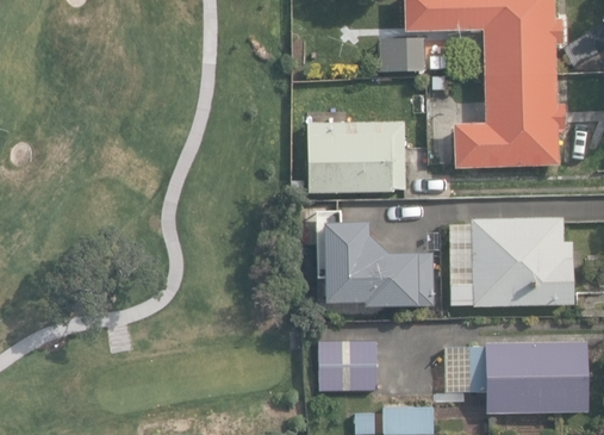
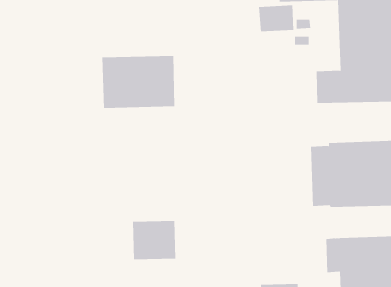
building: [307,120,405,191] -> [101,56,175,108]
building: [315,211,435,307] -> none
building: [317,340,375,392] -> [132,220,176,260]

